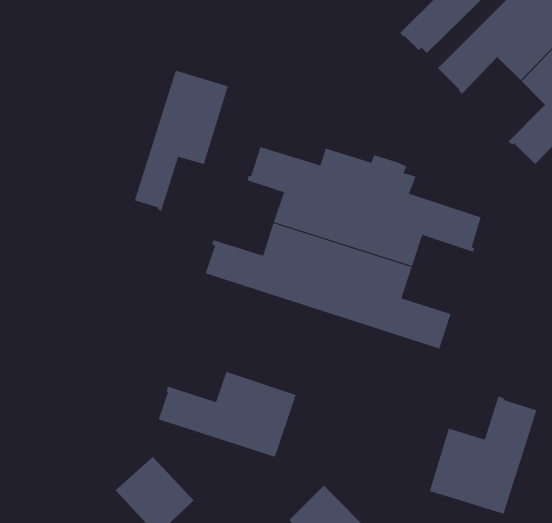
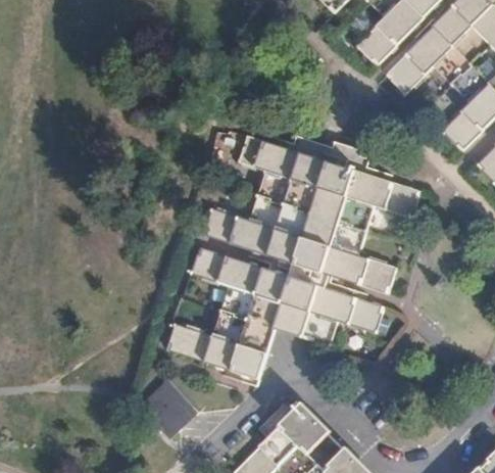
building: [134,70,228,211] -> none
building: none -> [191,247,384,346]
building: [429,396,537,515] -> none

